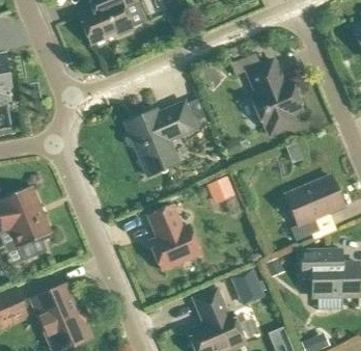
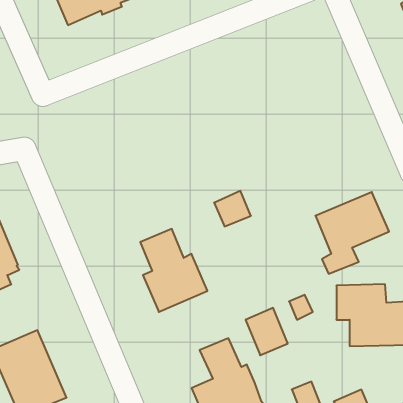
building: [247,59,302,130] -> none
building: [124,102,195,176] -> none

